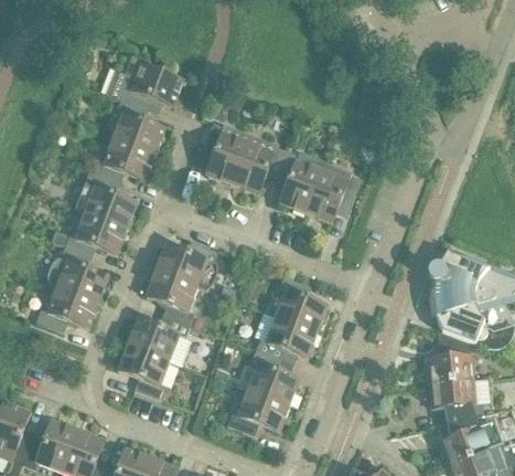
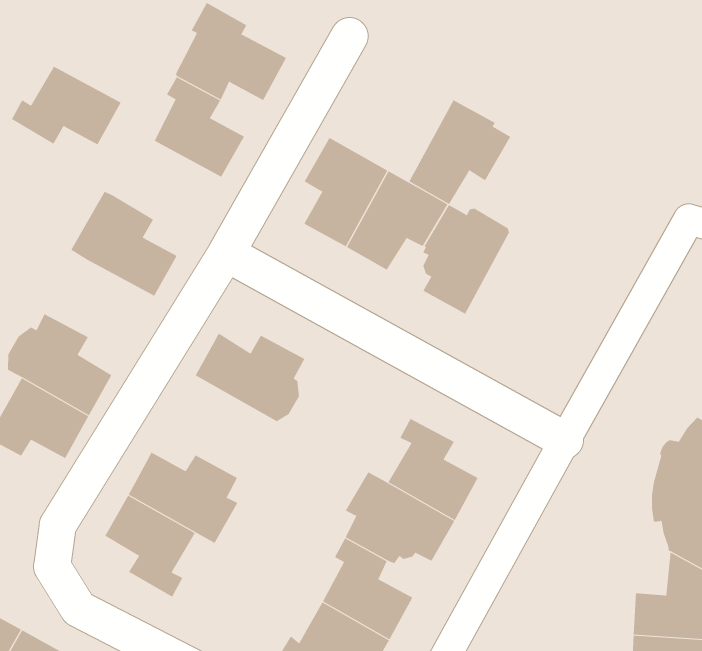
building: [93,140,154,186] -> [11,66,121,145]
building: [305,163,361,224] -> [409,100,511,205]
building: [64,214,126,258] -> none
building: [146,272,206,327] -> none

